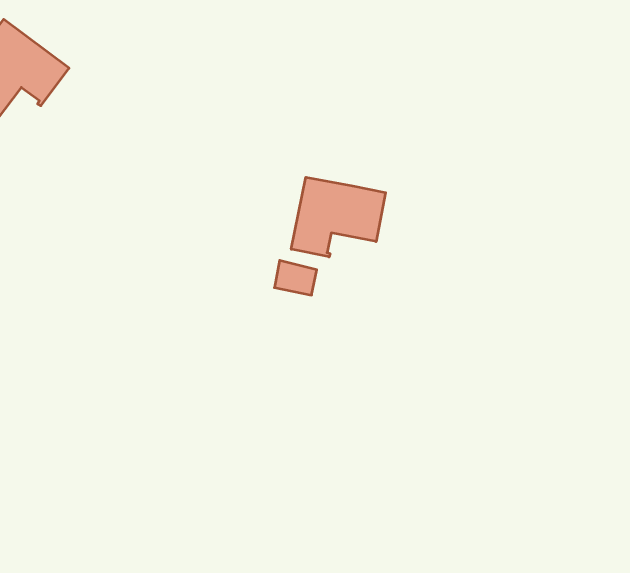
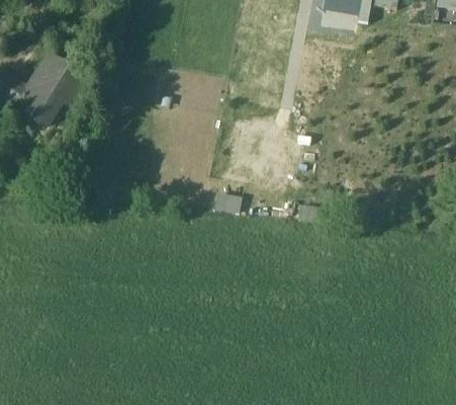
building: [291,177,386,257] -> none

